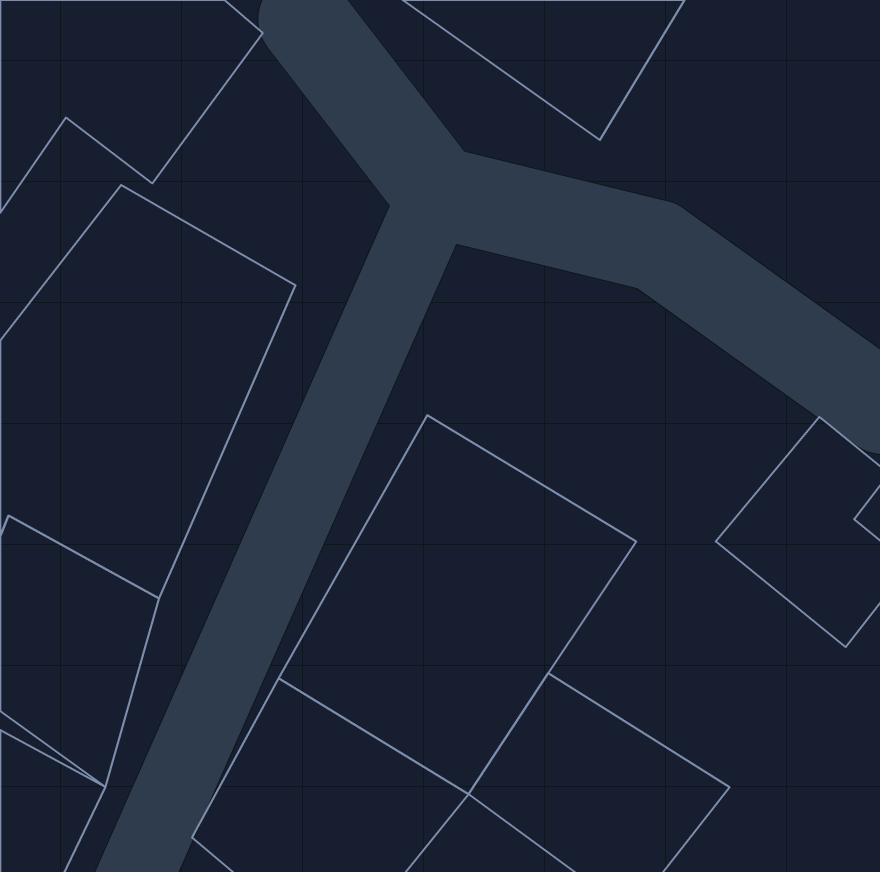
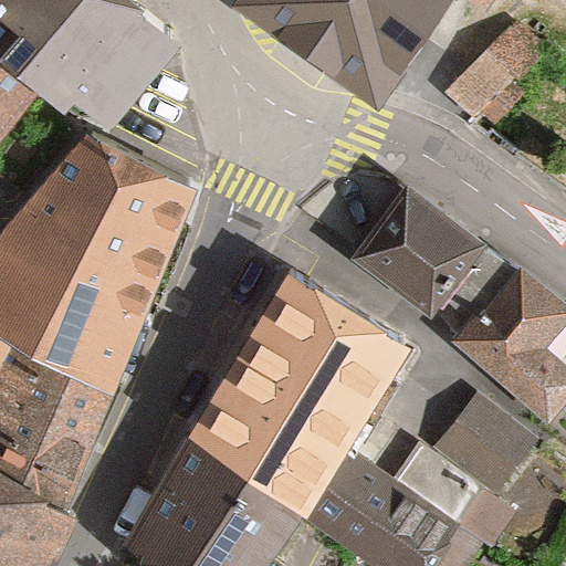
building: none -> [455,22,554,123]
building: none -> [352,186,485,312]
building: none -> [440,417,544,515]

